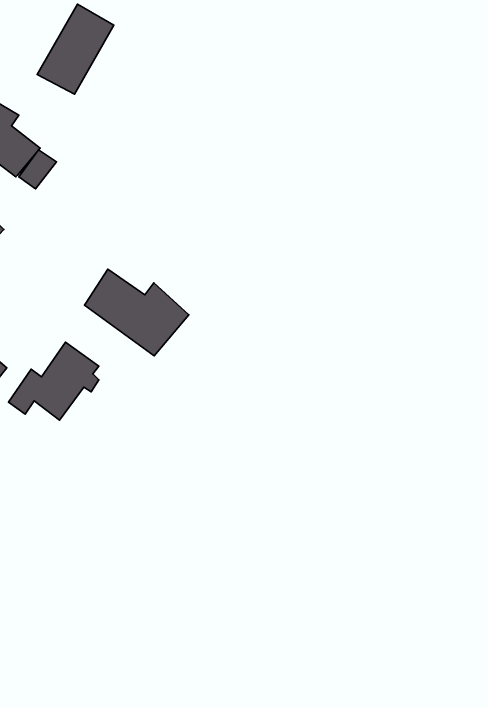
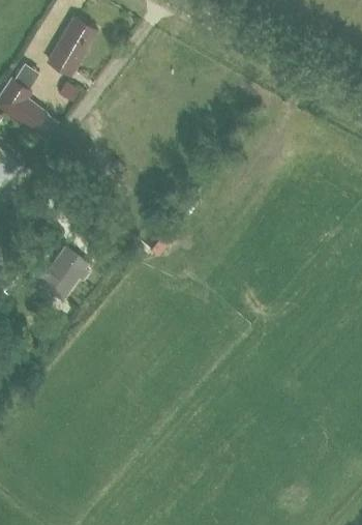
building: [85,269,189,356] -> none

